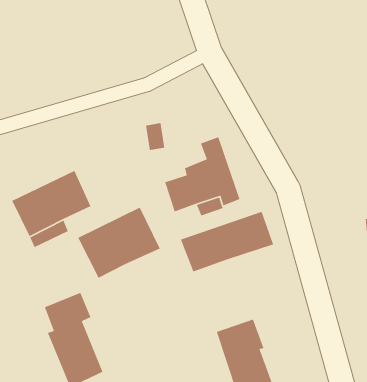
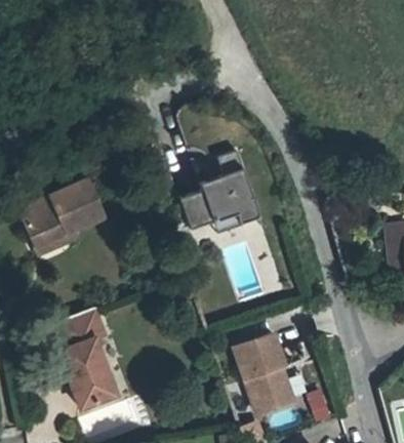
building: [77,207,161,279] -> none
building: [180,211,274,273] -> none

